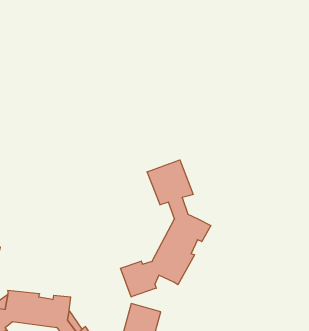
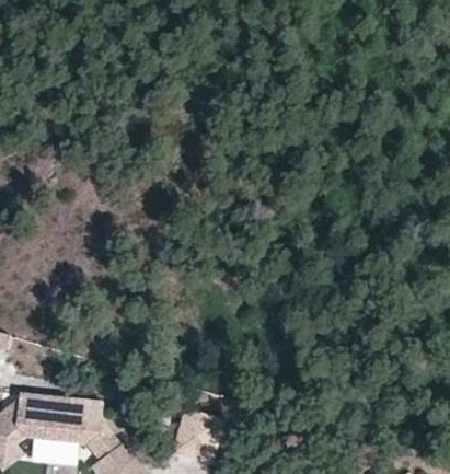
building: [120,160,211,297] -> none

